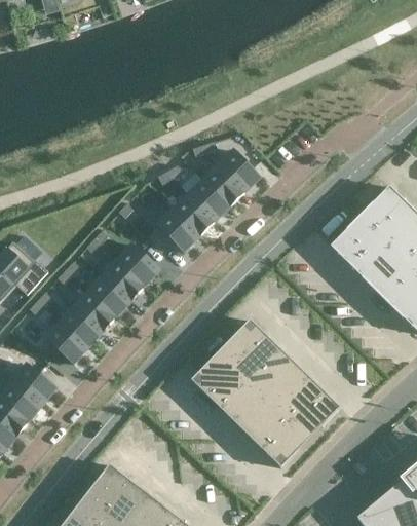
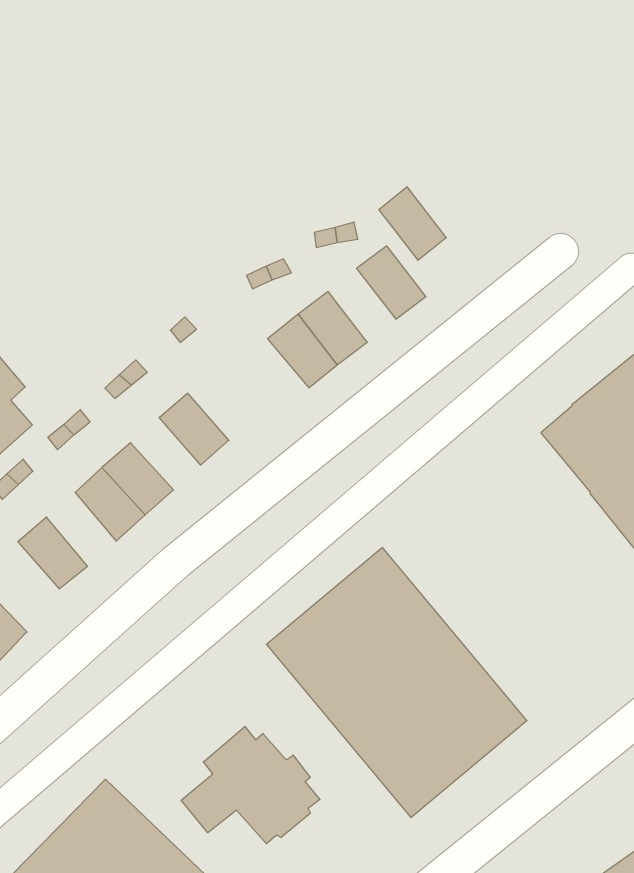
building: [203,165,242,205] -> [379,187,446,260]
building: [158,210,198,250] -> none
building: [103,260,143,299] -> none
building: [61,306,101,346] -> none
building: none -> [181,726,320,844]

